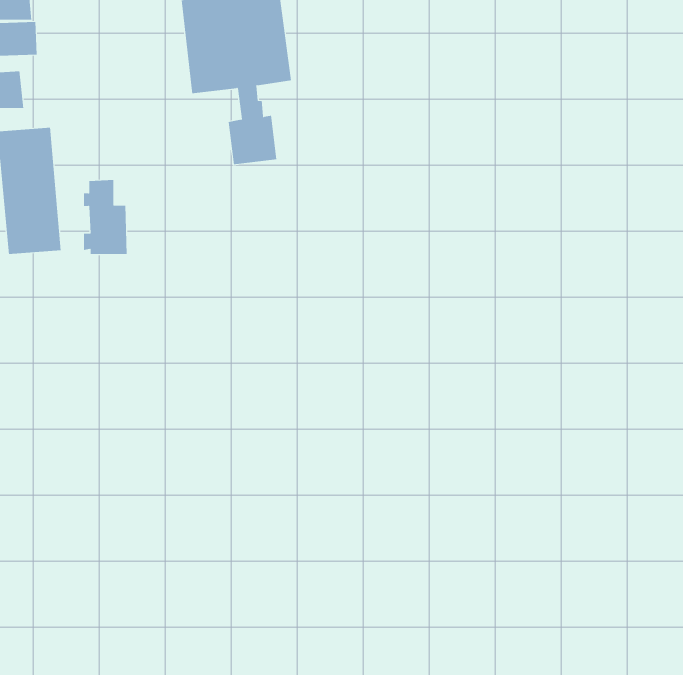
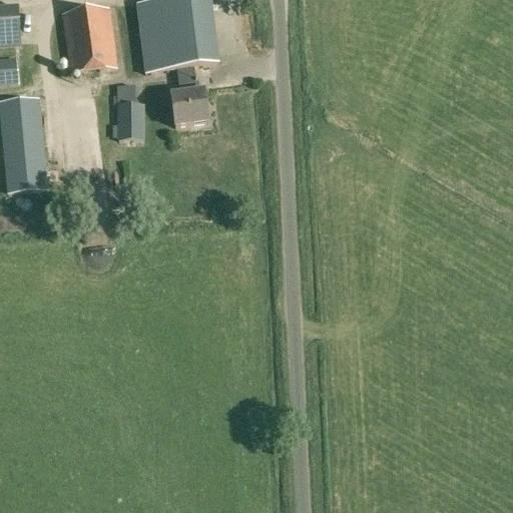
building: none -> [60,4,116,71]
building: [83,180,127,255] -> [111,81,144,137]

